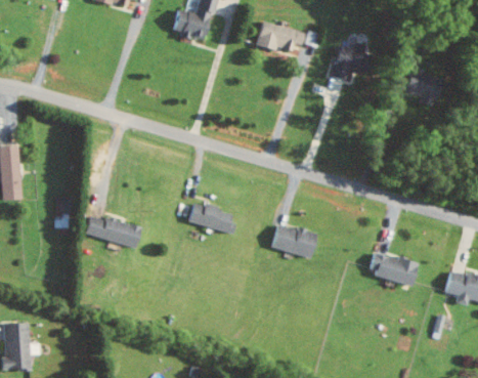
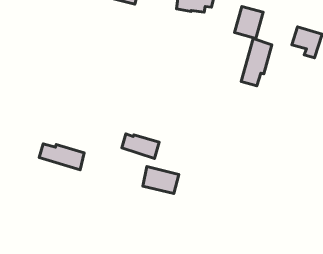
building: none -> [241,38,272,86]
building: [272,223,317,257] -> [143,166,179,193]
building: [368,251,419,286] -> none

